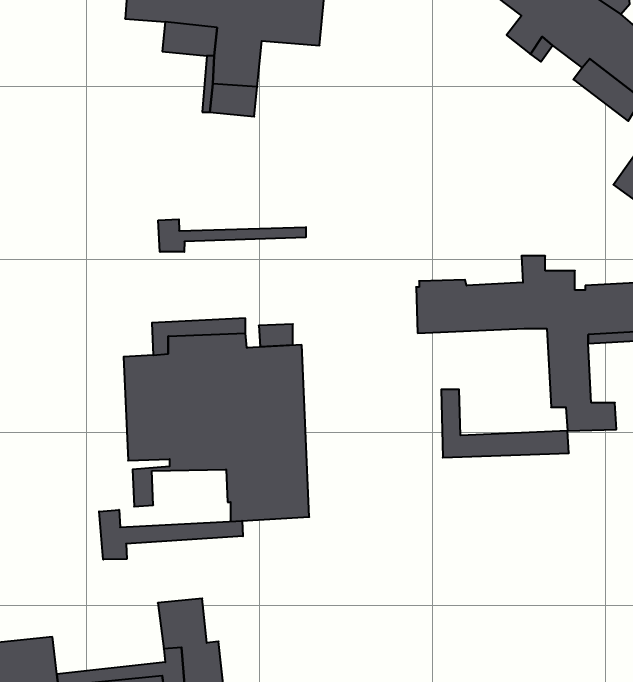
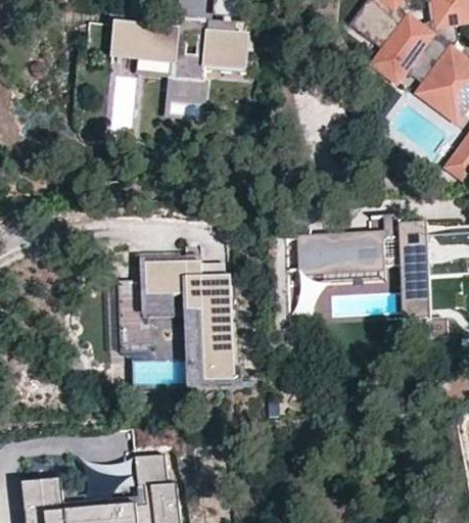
building: [158,219,306,252] -> none
building: [441,389,569,458] -> [299,237,387,284]
building: [99,510,243,560] -> none

